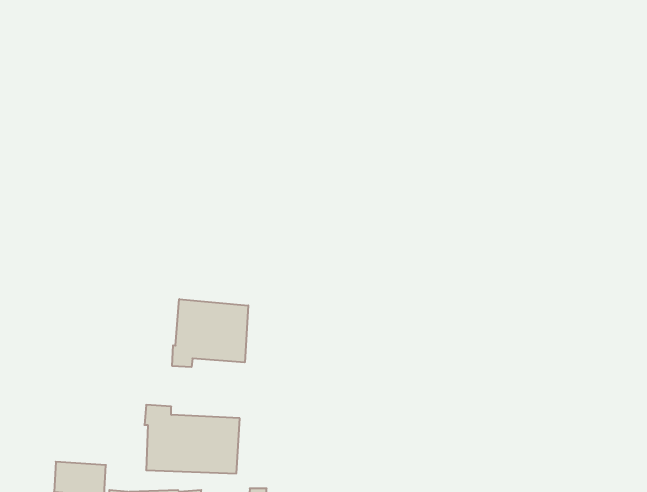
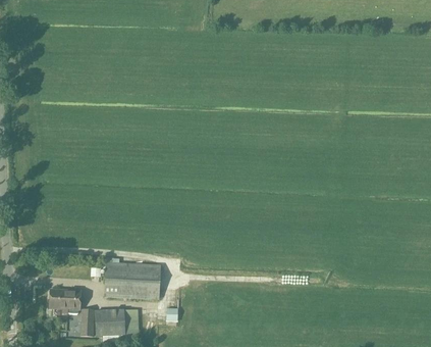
building: [172,299,248,367] -> none

